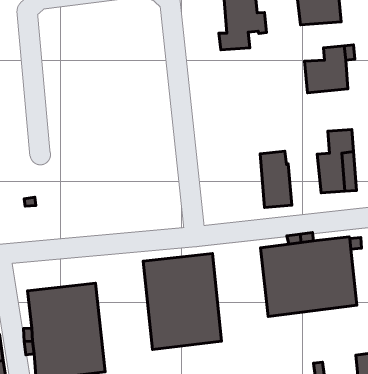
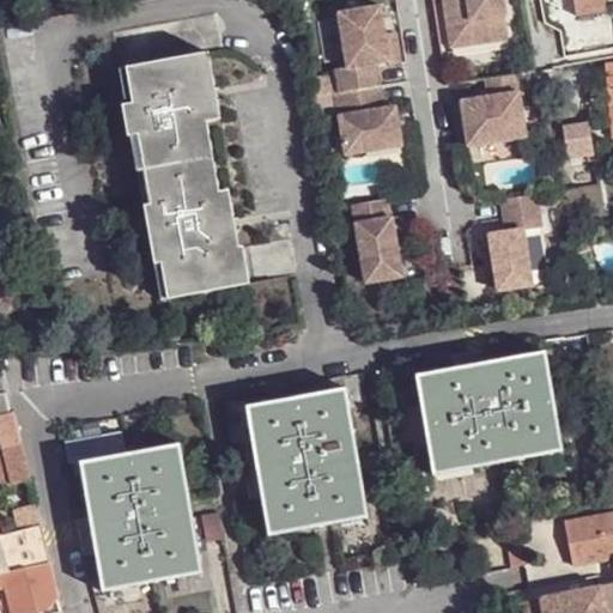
building: none -> [122,53,248,296]
building: none -> [333,84,400,152]
building: [260,151,292,207] -> [351,198,402,281]

